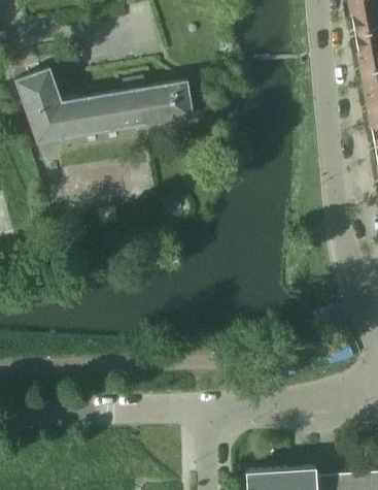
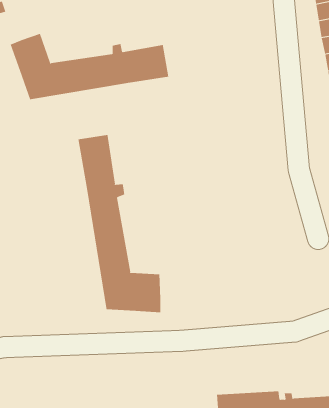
building: none -> [78,134,161,313]

